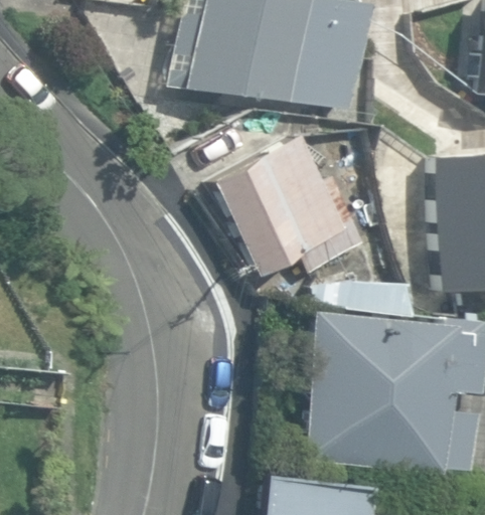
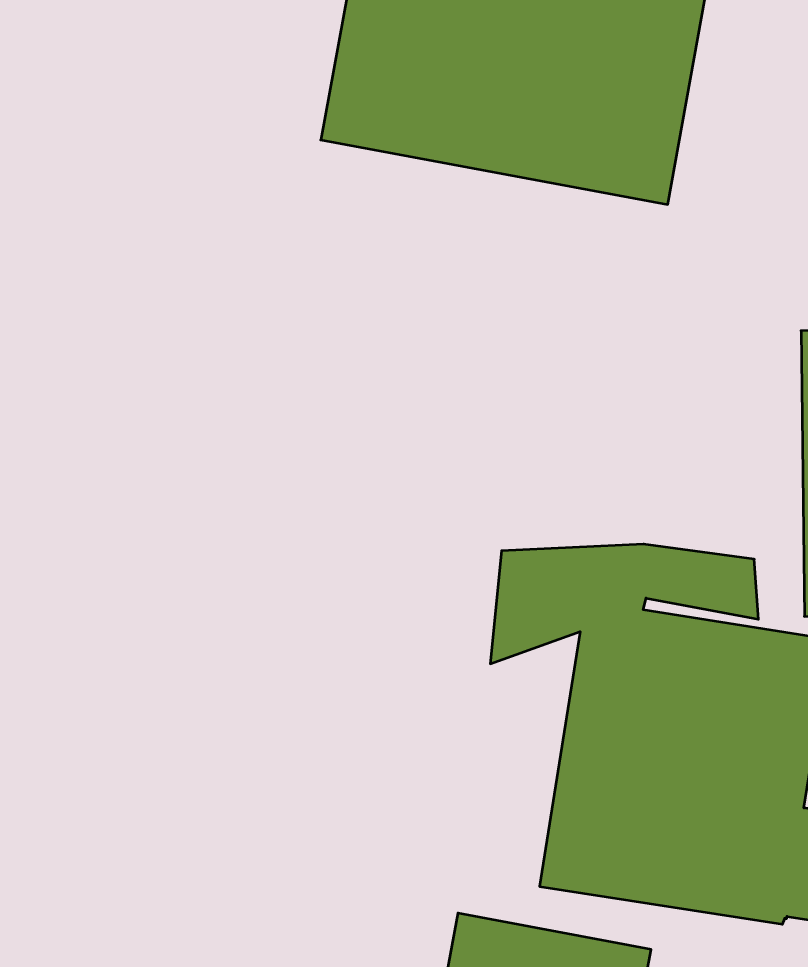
building: [205,132,362,274] -> none

